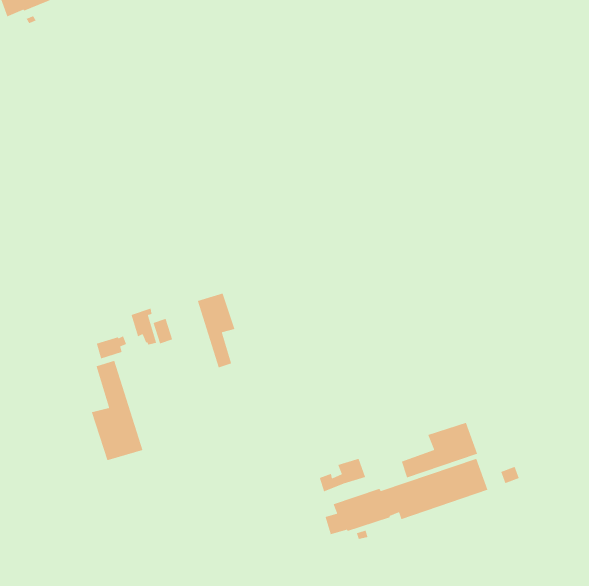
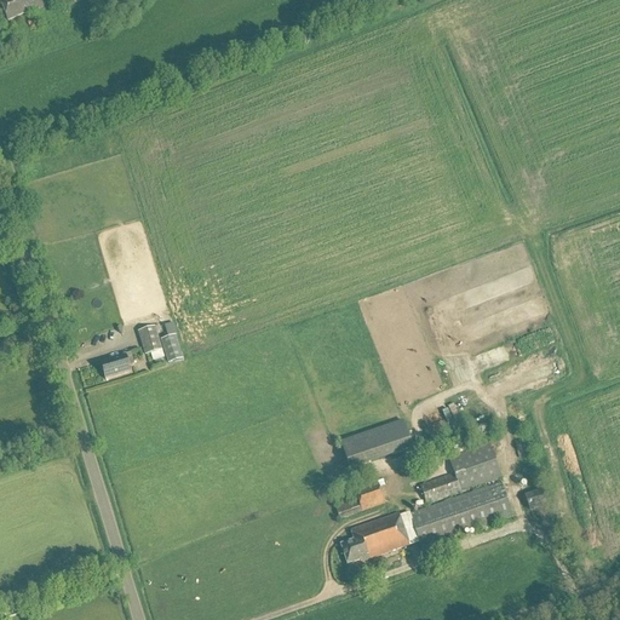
building: [197,293,235,368] -> none
building: [91,360,144,461] -> none
building: none -> [341,418,413,467]

